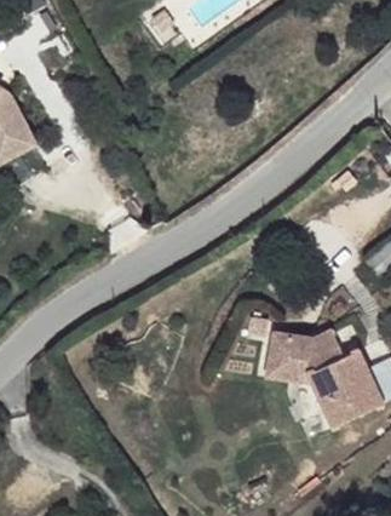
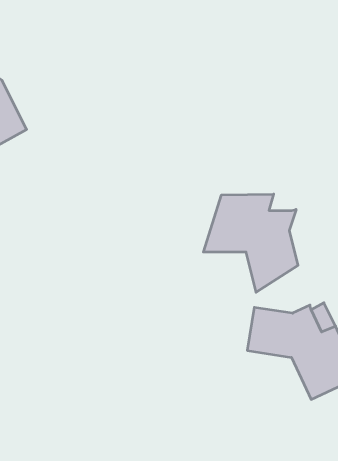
building: none -> [203,194,298,292]

